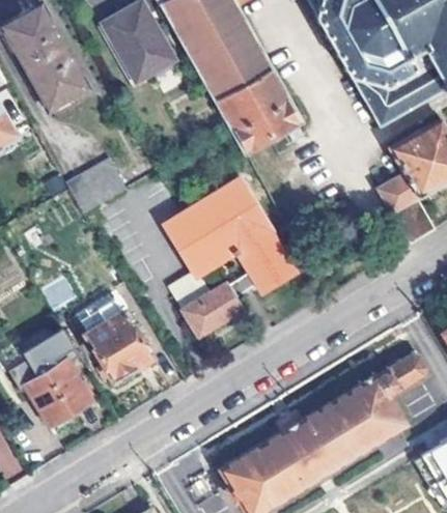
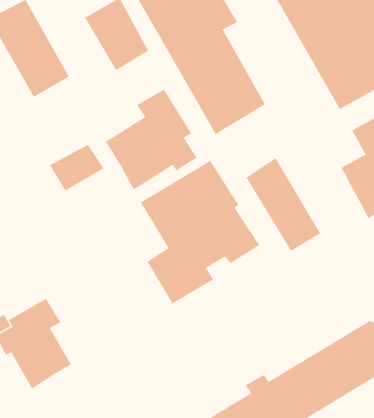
building: none -> [105,88,198,190]
building: none -> [245,157,321,252]
building: [77,298,151,383] -> none

